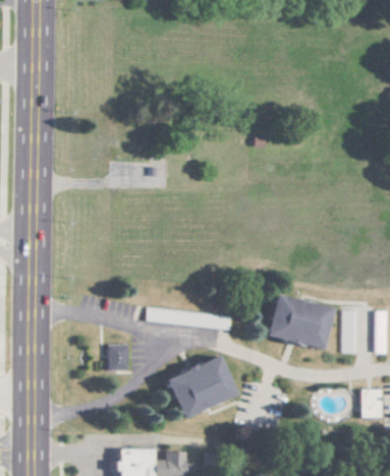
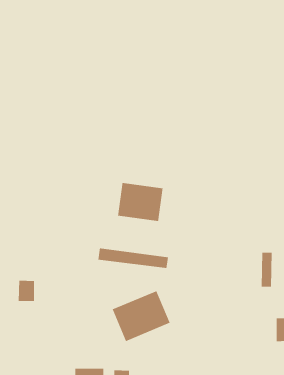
building: none -> [117,182,163,222]
building: [266,296,331,350] -> none
building: [110,345,130,370] -> [18,280,35,301]

